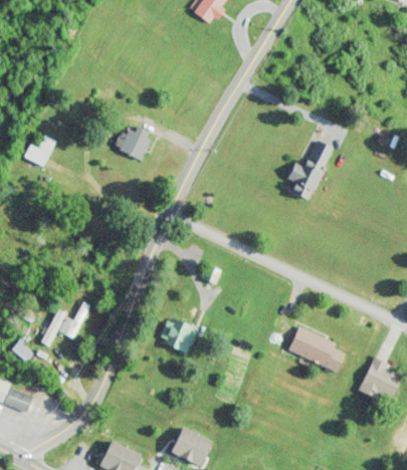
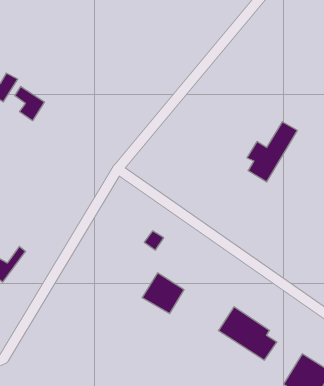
building: [116,128,151,159] -> none
building: none -> [15,86,44,121]
building: [158,315,197,352] -> [142,273,184,314]

